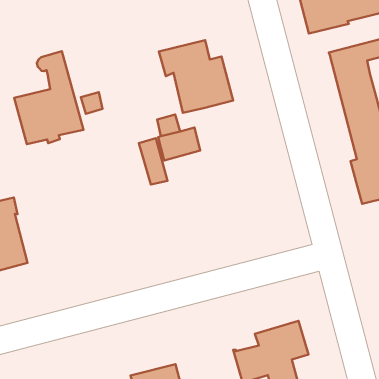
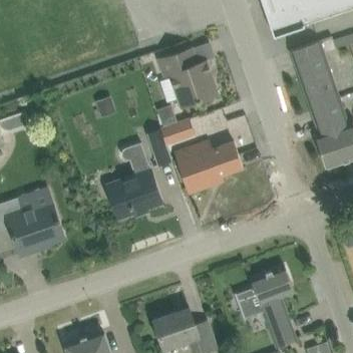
building: [14,51,83,144] -> [105,142,162,219]
building: none -> [174,140,243,194]

